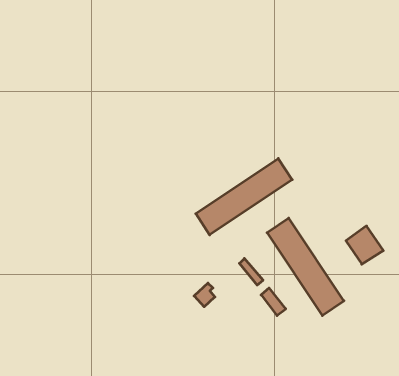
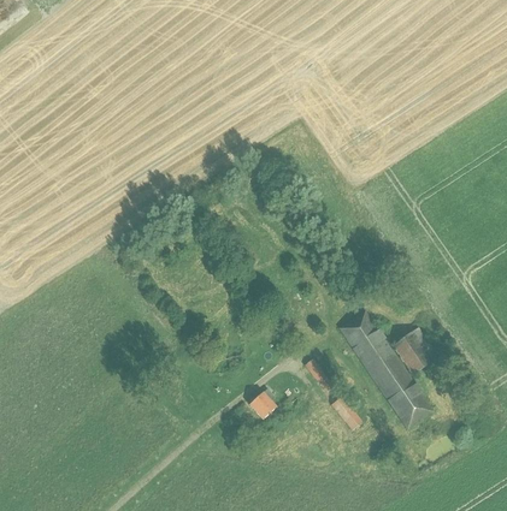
building: [196,158,292,235] -> none
building: [346,226,383,264] -> [394,327,440,374]

